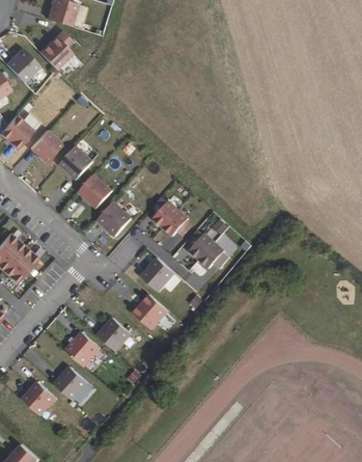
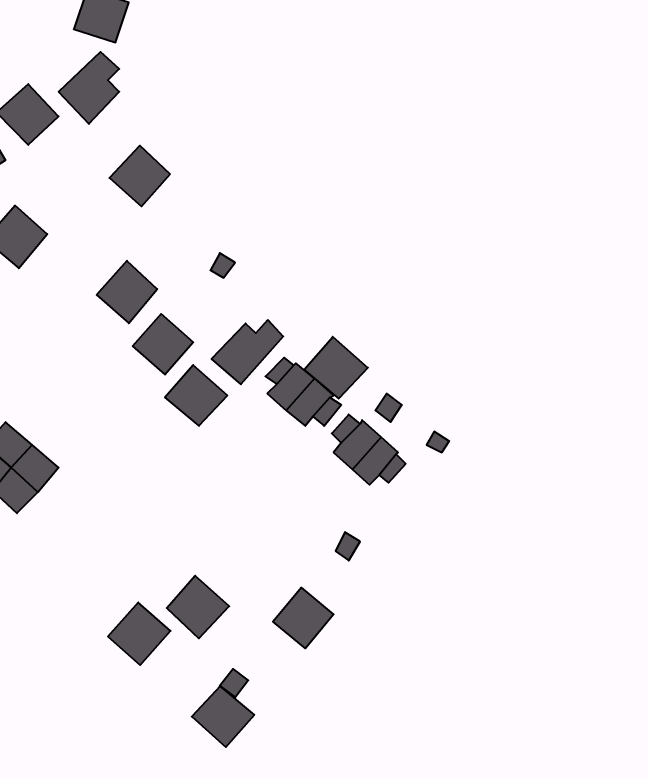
building: [29,130,62,163] -> [109,146,170,206]
building: none -> [212,320,283,384]
building: none -> [304,337,368,399]
building: [141,257,174,291] -> none
building: [134,294,167,327] -> [273,588,334,648]
building: [54,366,88,400] -> [192,686,254,747]
building: [22,381,56,415] -> none

